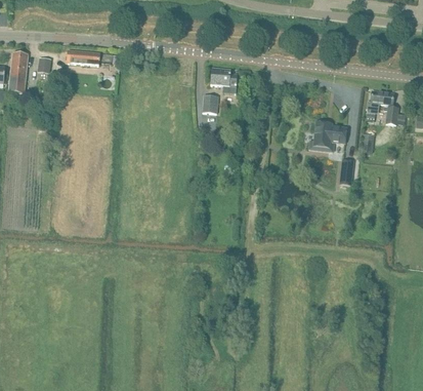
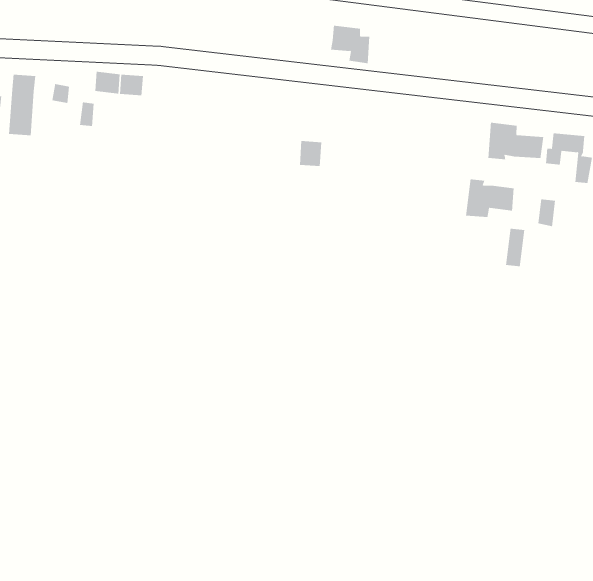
building: [210,67,237,92] -> [330,25,370,64]
building: none -> [488,122,544,160]

